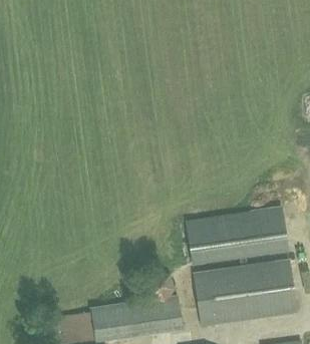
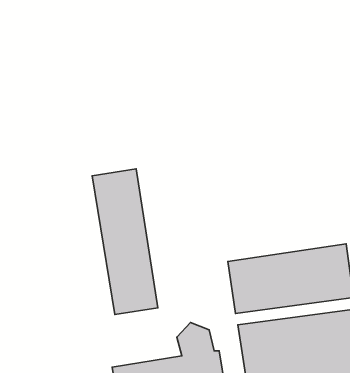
building: none -> [92,169,158,315]

